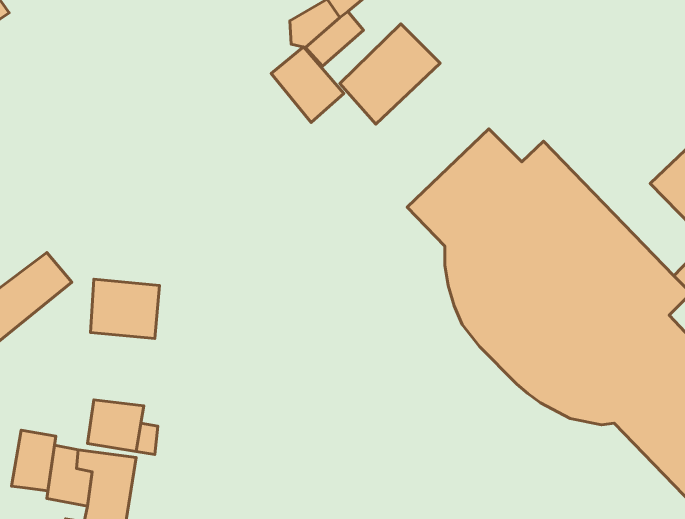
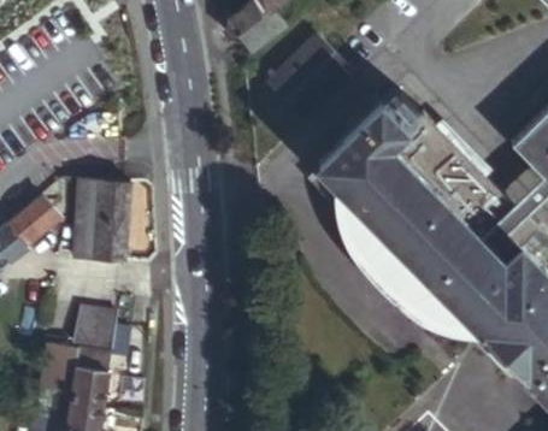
building: [271,47,344,123] -> none
building: none -> [79,179,134,224]
building: [11,430,56,491] -> none

